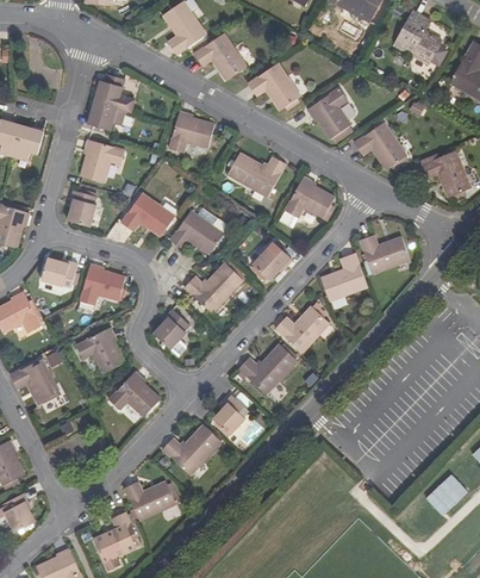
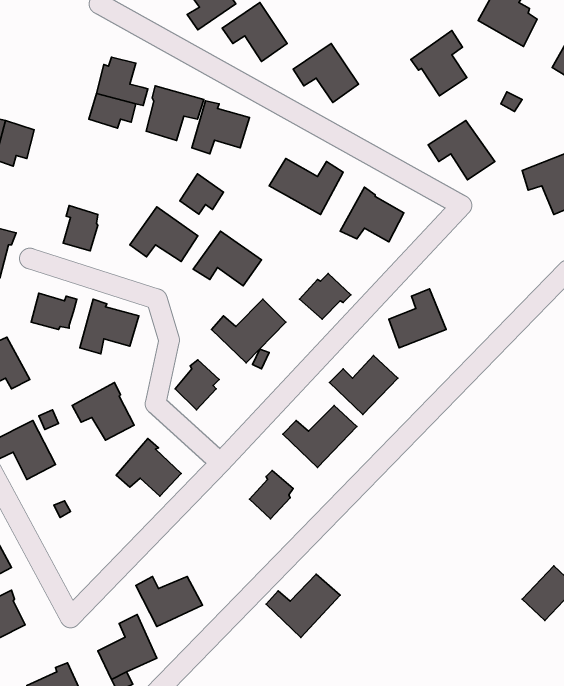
building: [307,87,351,138] -> [411,31,467,96]
building: [79,139,124,182] -> [146,86,204,140]
building: none -> [180,174,224,214]
building: [359,237,409,275] -> none
building: [163,427,222,477] -> [266,574,340,638]

